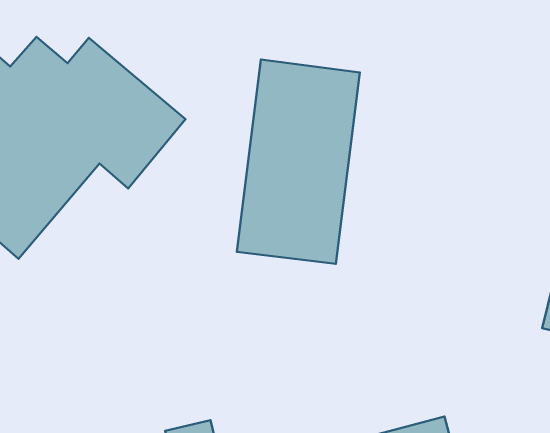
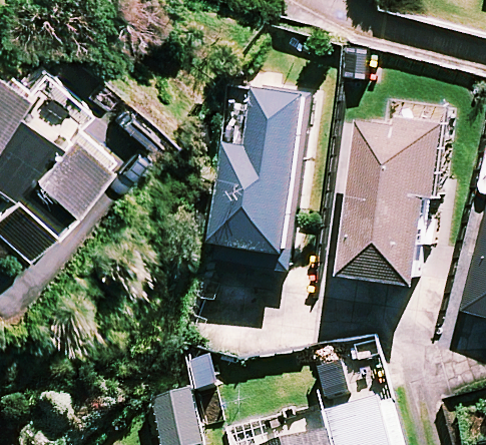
building: none -> [340,119,446,293]

